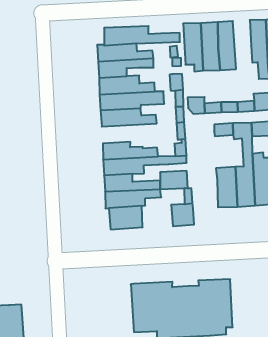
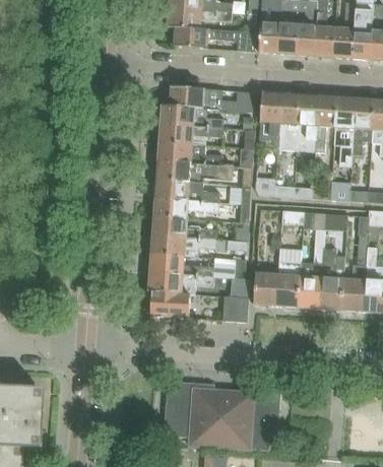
building: none -> [316,96,338,151]
building: none -> [154,198,218,219]
building: none -> [254,272,279,306]

